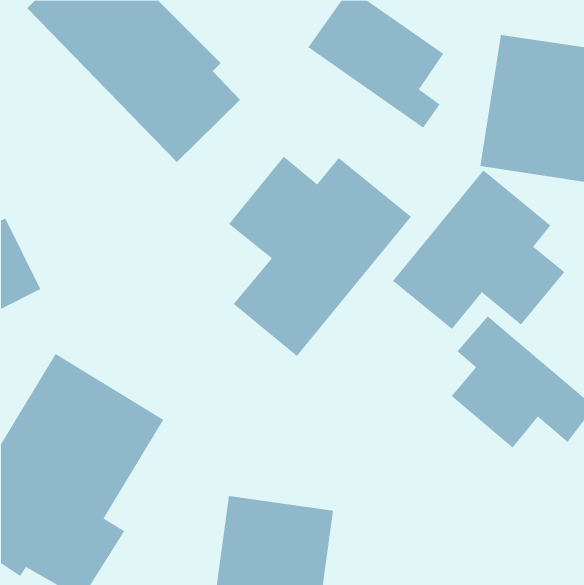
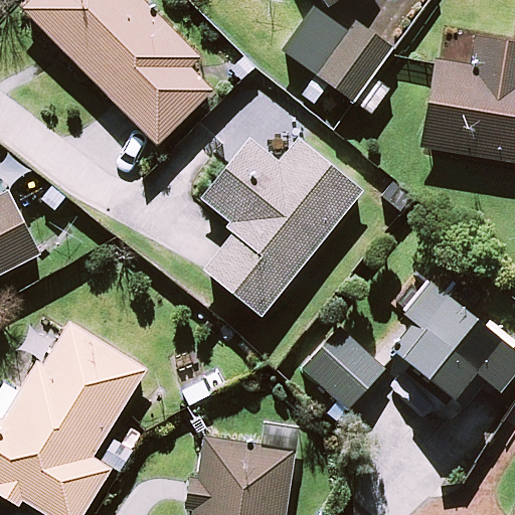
building: [392,169,565,330] -> none
building: none -> [305,329,384,407]

